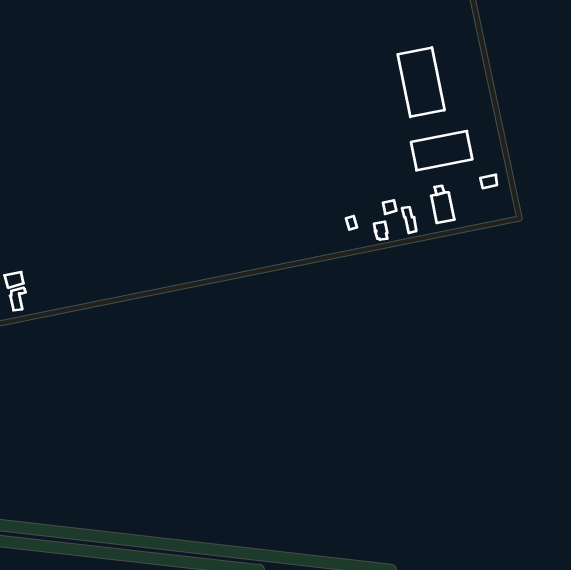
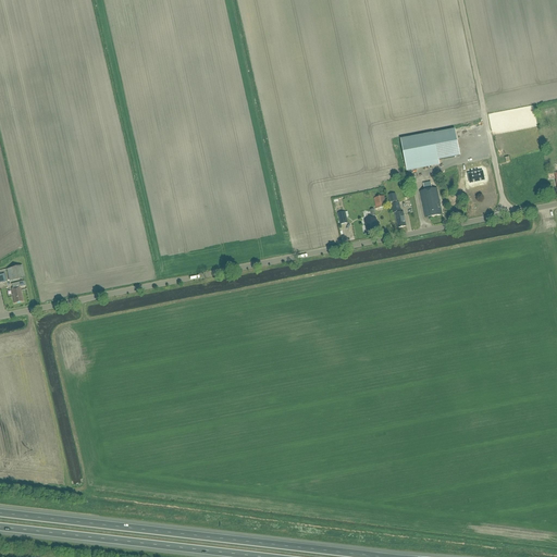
building: [398,47,444,117] -> none

